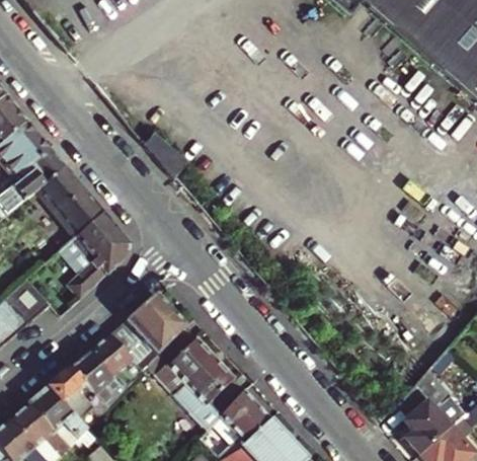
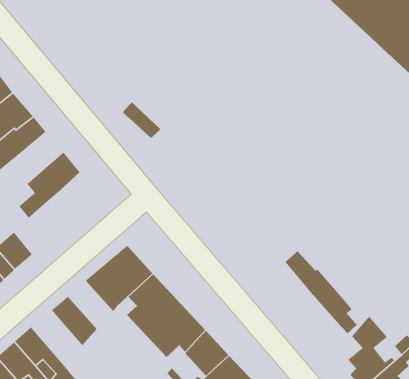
building: [30,165,84,224] -> none
building: [54,211,130,306] -> none
building: none -> [284,251,358,335]
building: [89,333,141,388] -> none
building: [48,367,105,422] -> none

